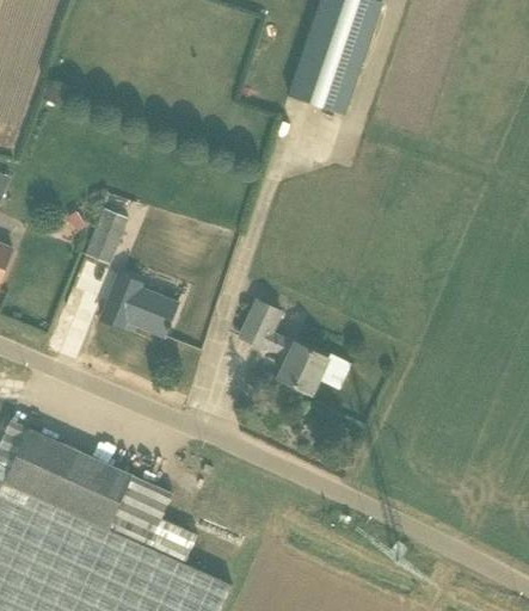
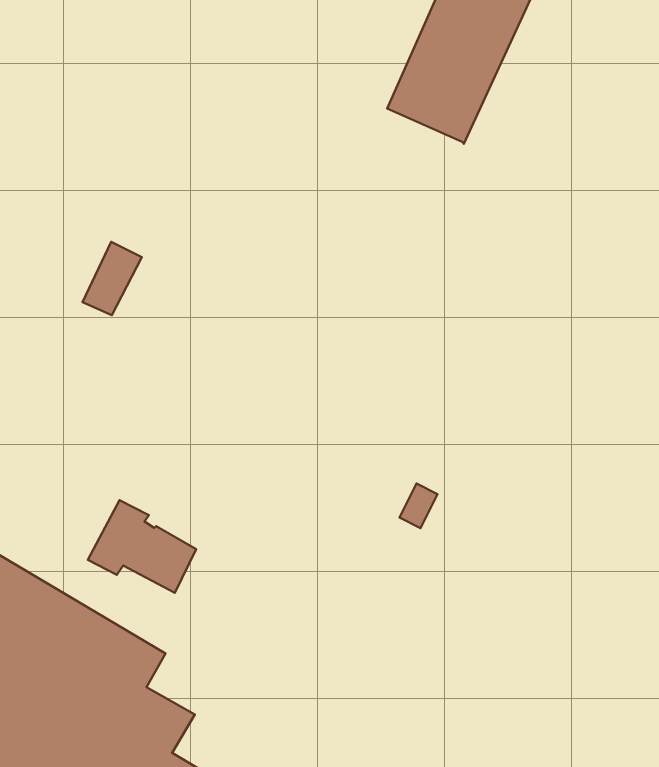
building: [102,276,177,337] -> [88,500,196,593]
building: [240,301,327,394] -> none

